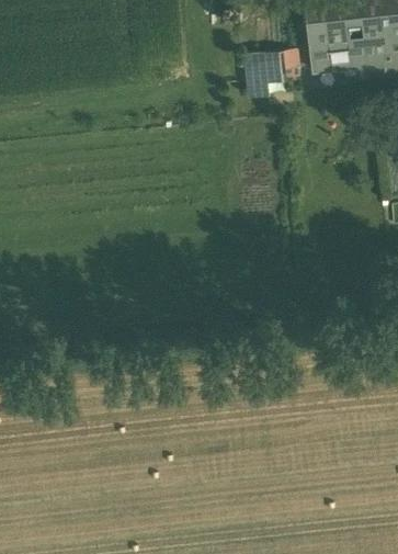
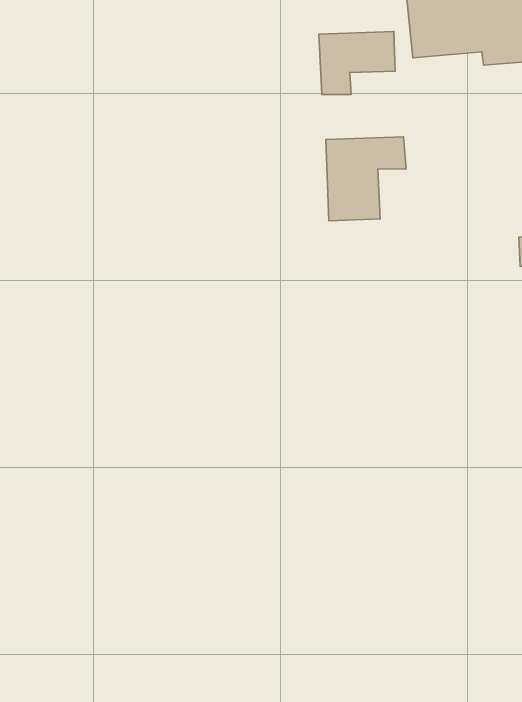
building: none -> [326,137,406,221]

